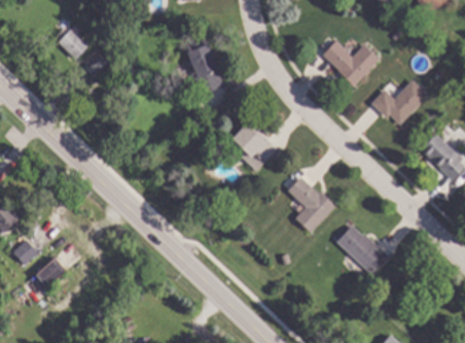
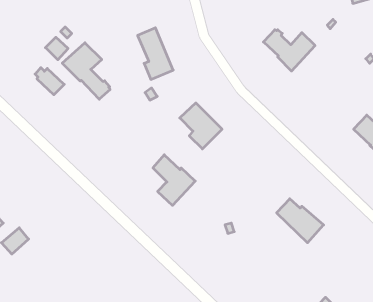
building: [57,29,88,59] -> [35,68,64,95]
building: none -> [62,43,110,99]
building: [371,80,428,125] -> none
building: [289,177,335,233] -> [153,155,195,205]

